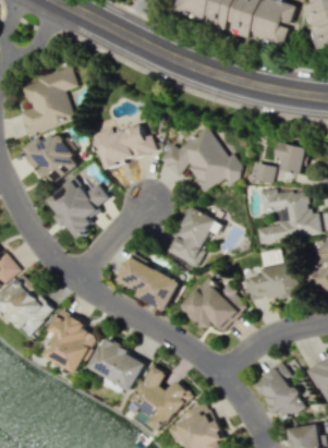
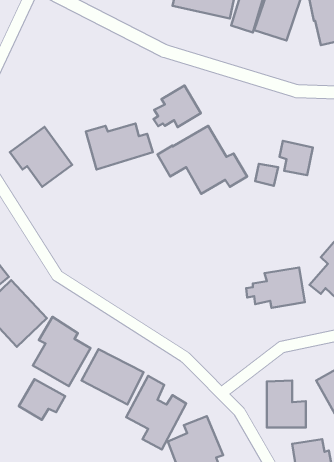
building: [17,66,76,134] -> none
building: none -> [153,86,201,127]
building: [46,174,108,239] -> none
building: [256,187,320,242] -> none
building: [166,206,222,266] -> none
building: [117,255,181,310] -> none
building: [181,279,247,331] -> none
building: none -> [19,379,65,420]

